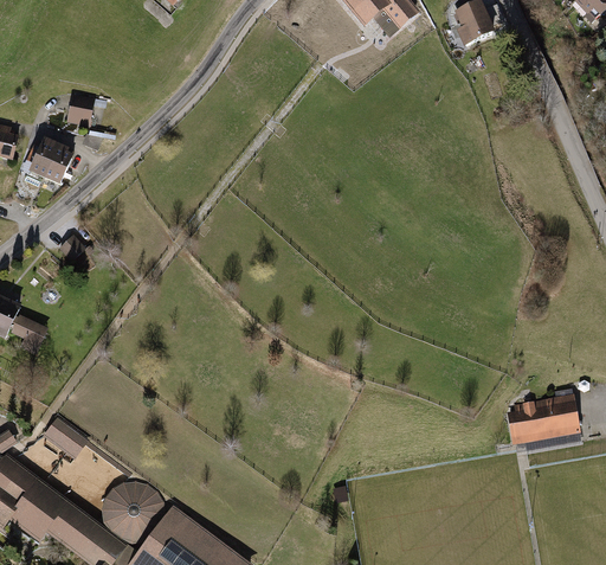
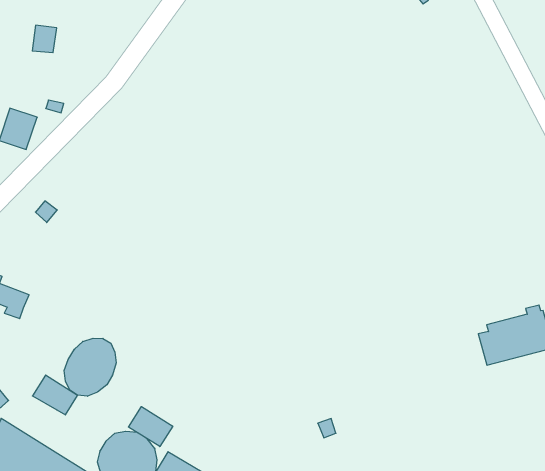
building: [65,92,92,122] -> [32,25,57,53]
building: none -> [64,338,116,396]
building: none -> [128,407,173,447]

